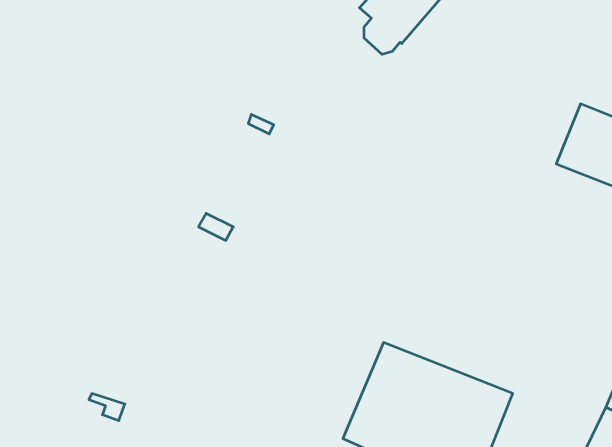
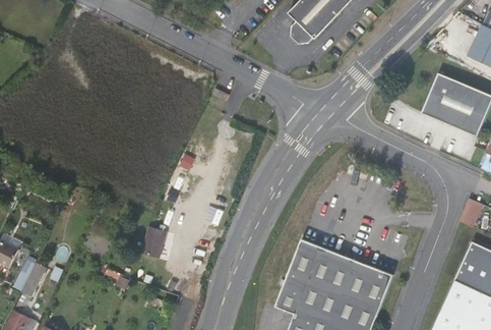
building: none -> [142,223,167,254]

